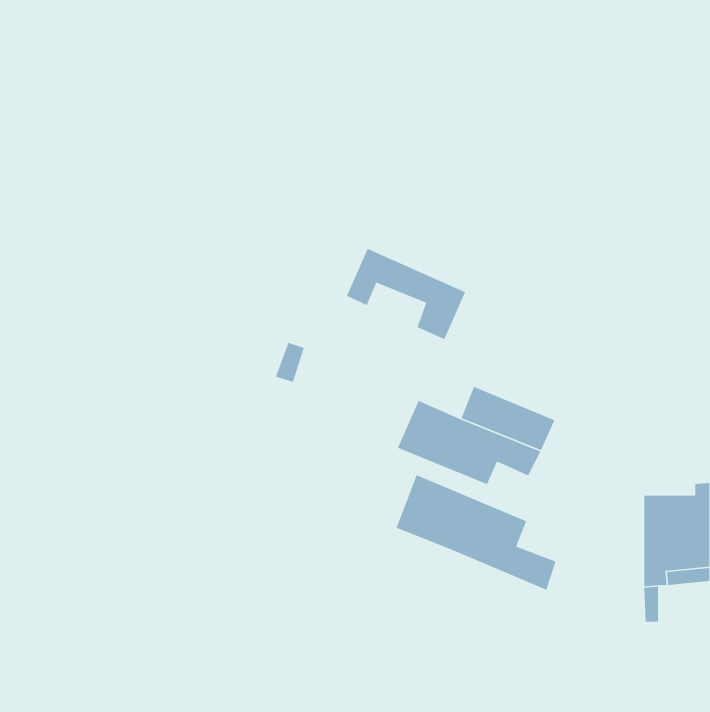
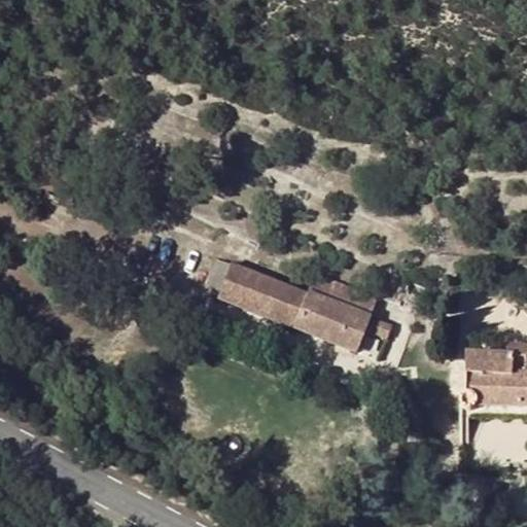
building: [346,248,466,340] -> [216,258,304,325]
building: [396,474,557,591] -> none

